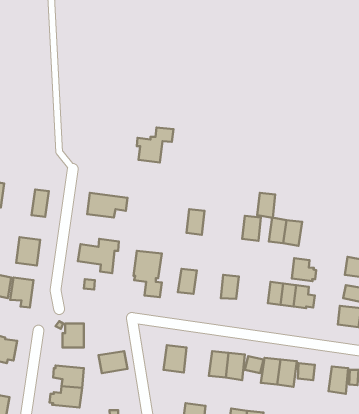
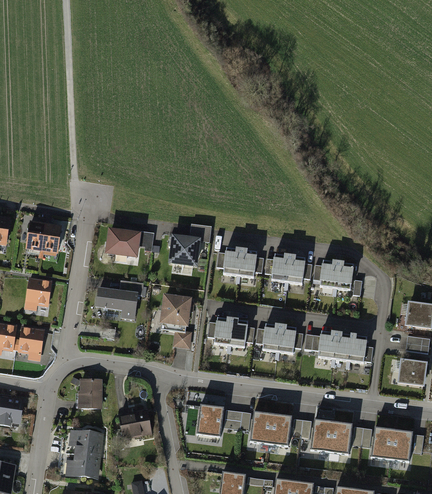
building: [137,127,174,163] -> [167,224,210,265]
building: none -> [26,221,45,253]
building: [257,193,275,218] -> [269,252,290,281]
building: none -> [240,248,261,278]
building: [292,258,316,281] -> none
building: none -> [230,318,252,348]
building: none -> [280,325,300,353]
building: none -> [223,410,251,431]
building: none -> [369,427,392,459]

